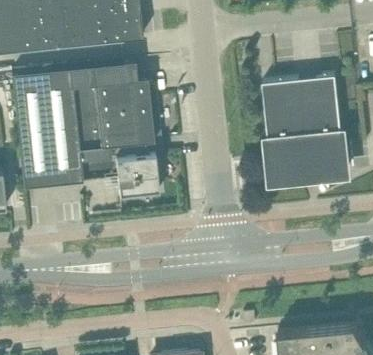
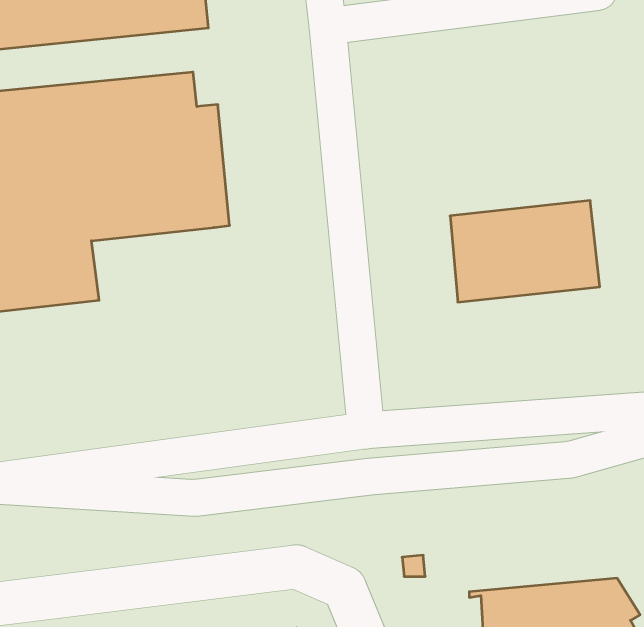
building: [264,76,342,137] -> none
building: [82,143,160,198] -> none

